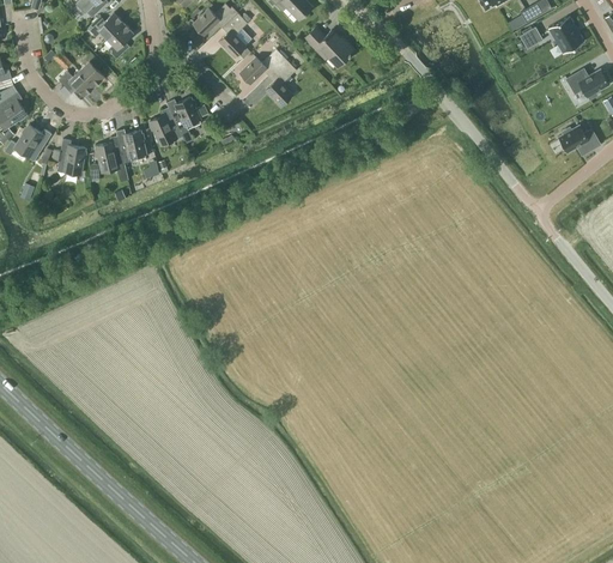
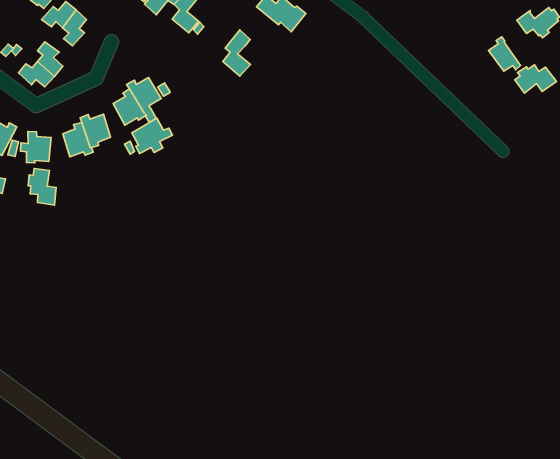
building: [239,49,286,85] -> none
building: none -> [489,37,521,71]
building: none -> [132,118,172,153]
building: none -> [28,169,56,205]

